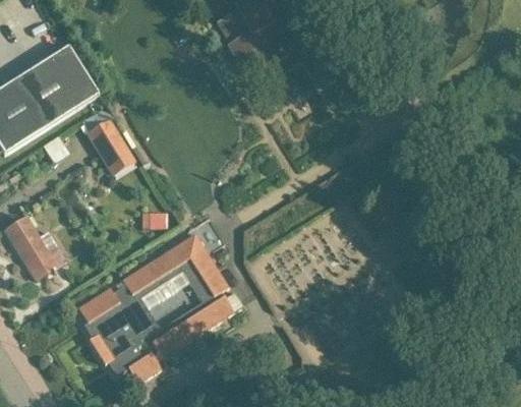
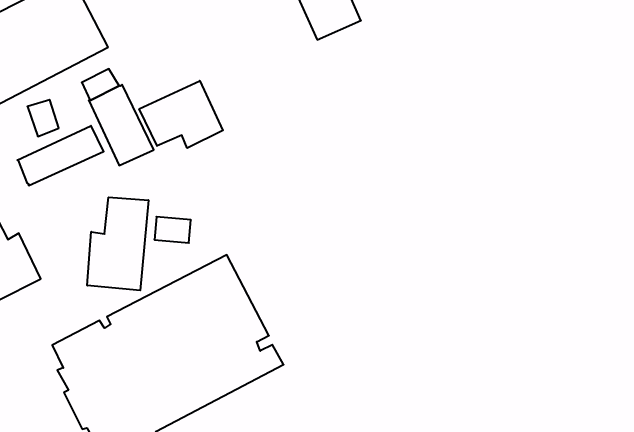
building: none -> [139,81,223,148]
building: none -> [17,126,104,186]
building: none -> [87,197,148,290]

